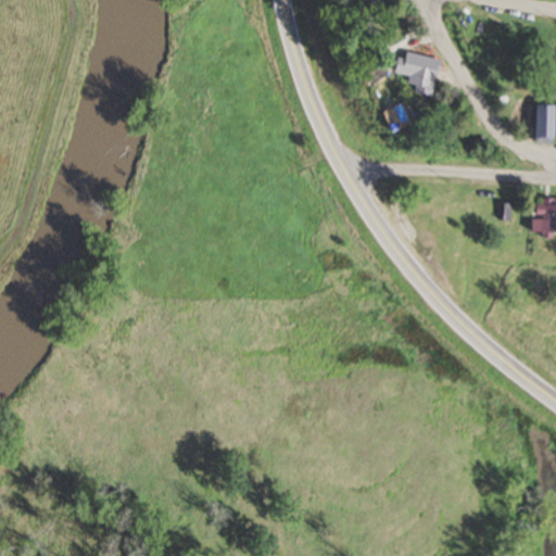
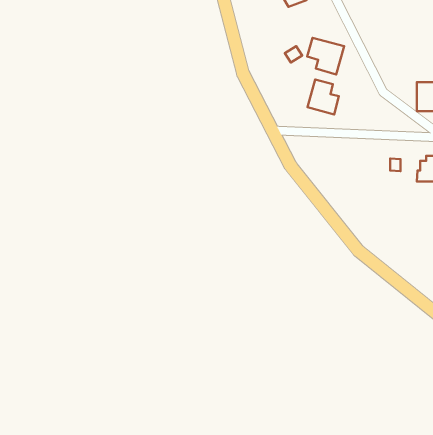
building: none -> [307,79,339,114]

